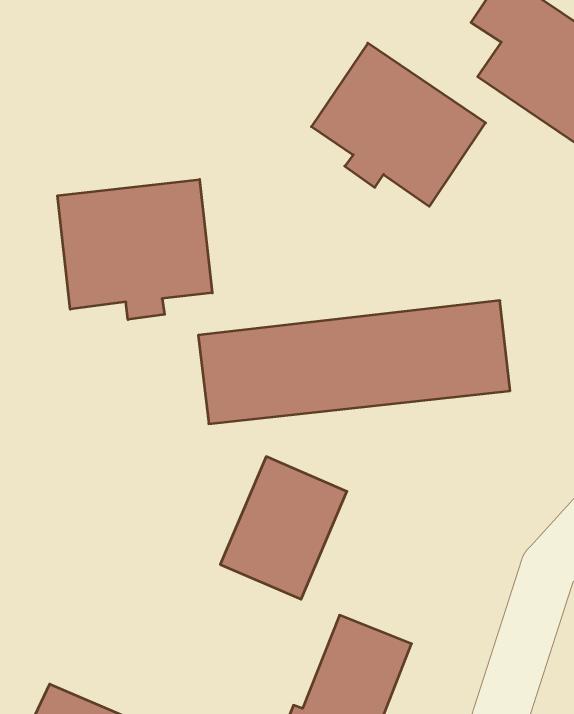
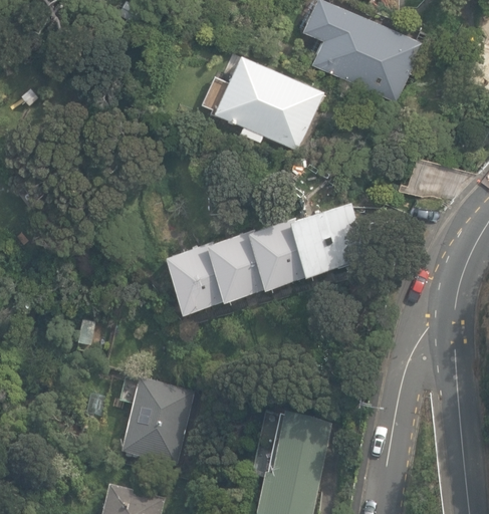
building: [58,179,212,320] -> none
building: [220,457,347,599] -> [124,387,195,472]

